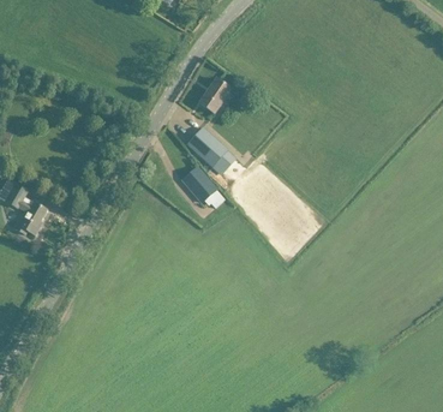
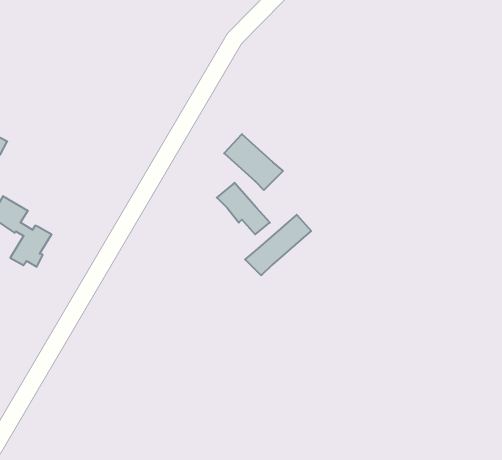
building: [199,78,232,113] -> none
building: none -> [245,215,311,275]

